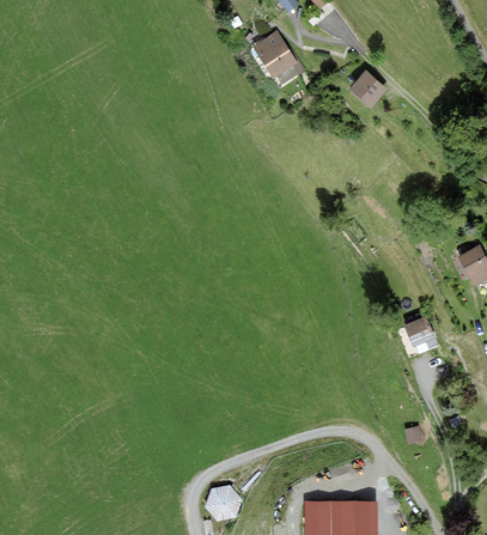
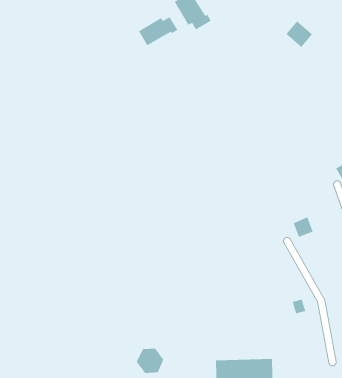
building: none -> [138,16,178,46]
building: [348,73,383,108] -> [285,20,313,48]

